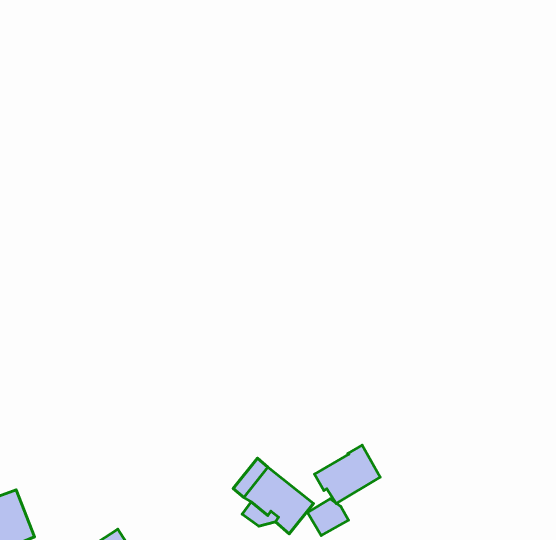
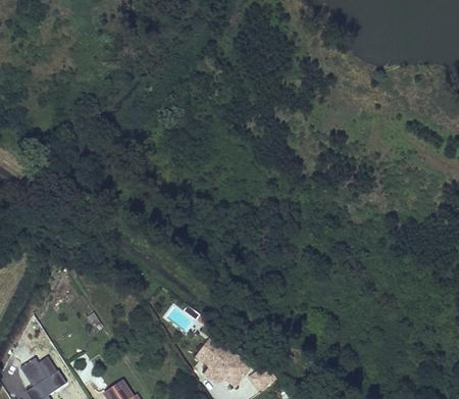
building: [314,445,380,503] -> none

